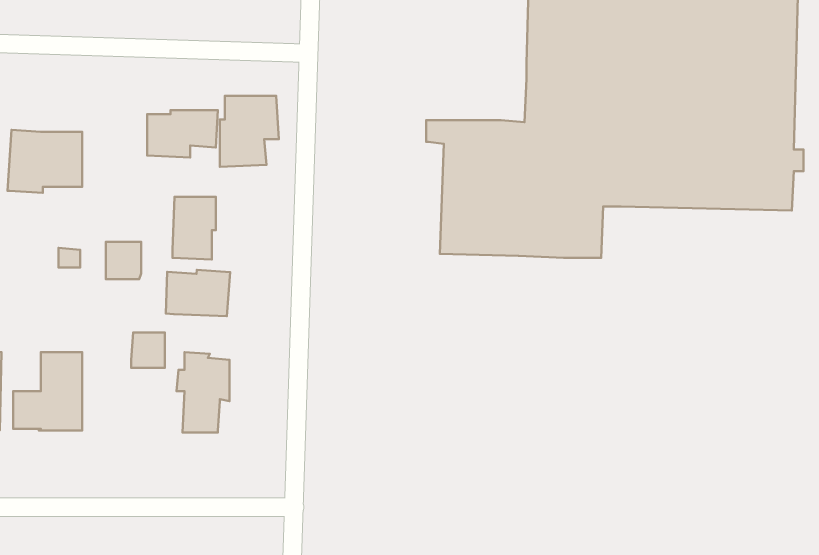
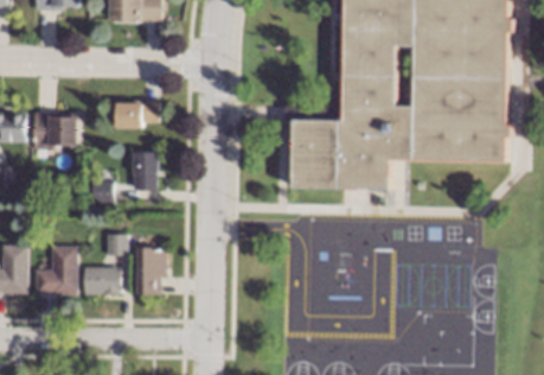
building: [220,96,279,167] -> none
building: [166,270,230,316] -> none
building: none -> [84,268,121,295]

